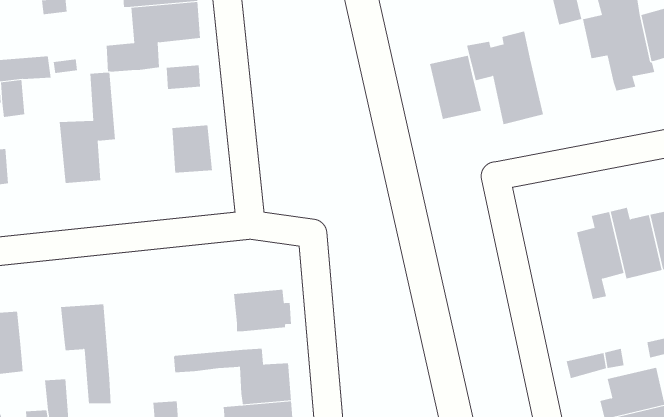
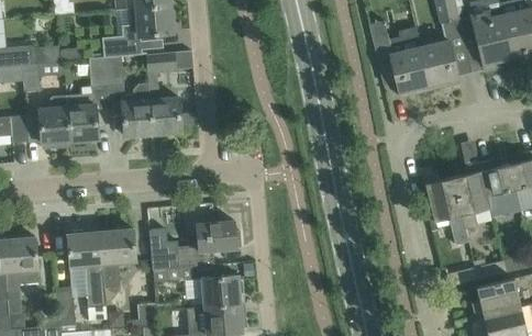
building: [429,55,482,120] -> [420,42,459,90]
building: none -> [104,57,153,136]
building: none -> [38,96,71,148]
building: none -> [423,172,469,245]
building: none -> [100,228,136,288]
building: none -> [151,242,203,271]

